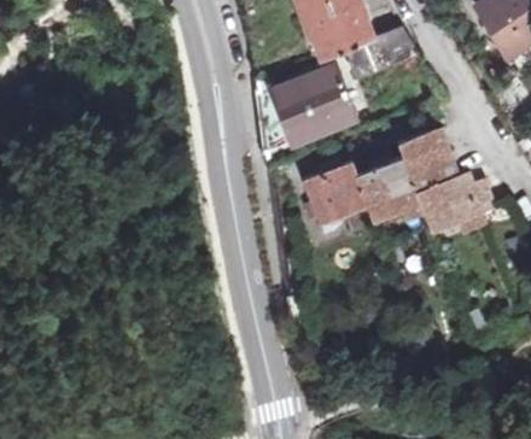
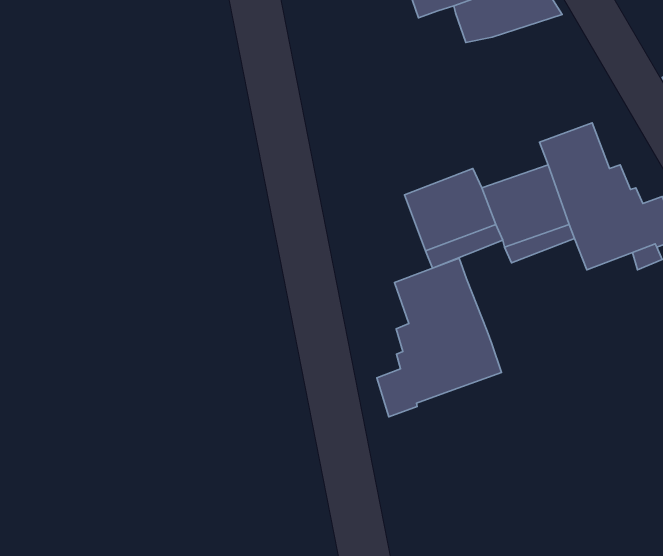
building: [259,64,355,150] -> none
building: none -> [377,258,502,417]

